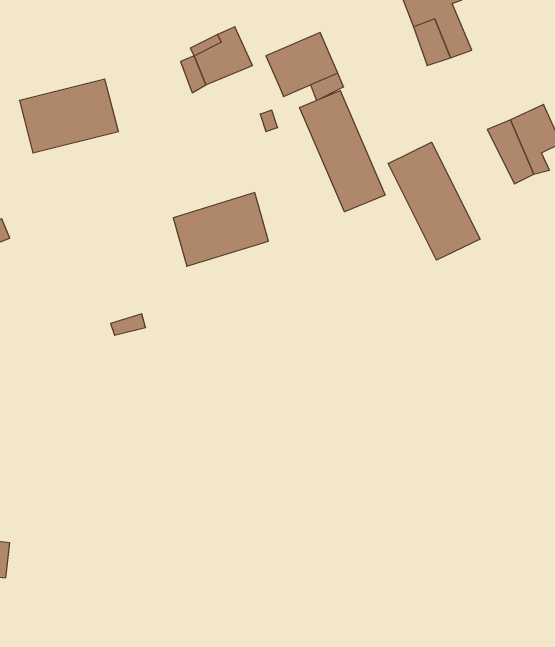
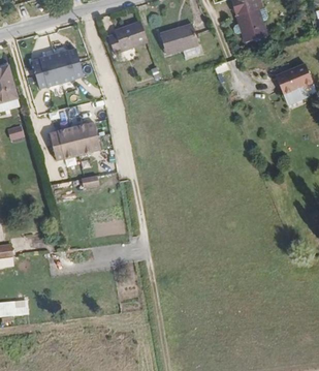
building: [300,91,385,212] -> none
building: [388,142,480,260] -> none
building: [173,193,268,266] -> [49,122,99,161]

